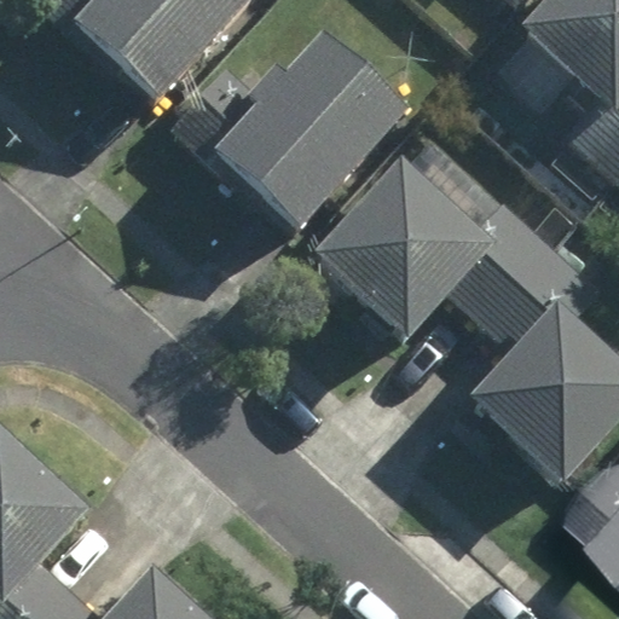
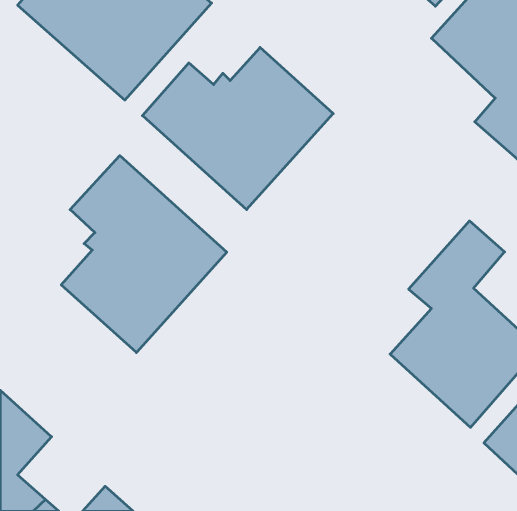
building: [310,178,562,354] -> none
building: none -> [61,156,227,353]

